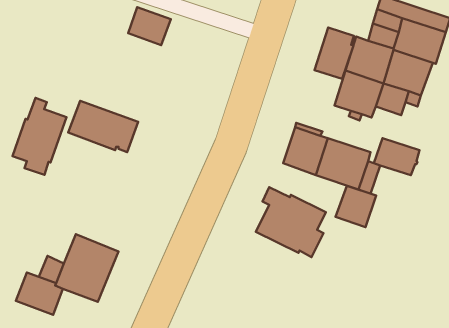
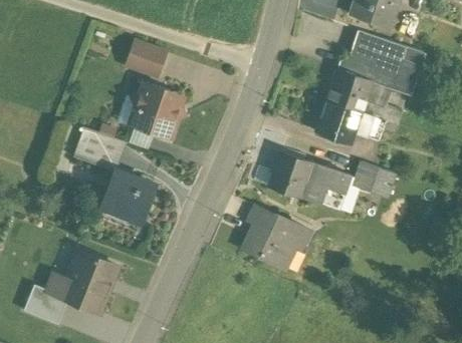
building: [315,27,354,79] -> none
building: none -> [132,84,184,135]
building: [13,98,67,175] -> none
building: none -> [101,169,155,221]
building: [336,186,376,227] -> none

